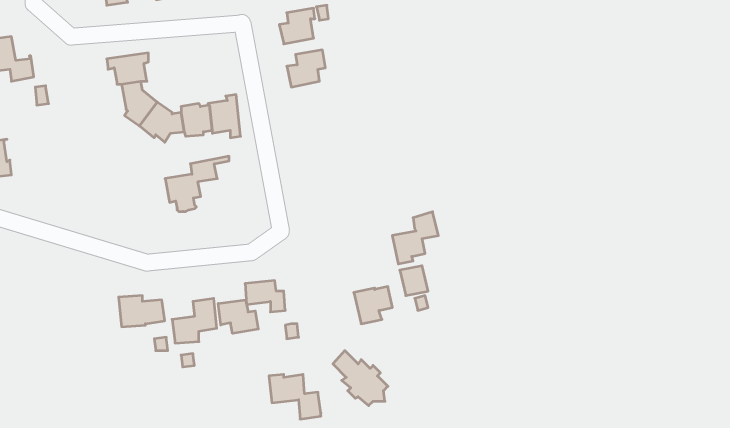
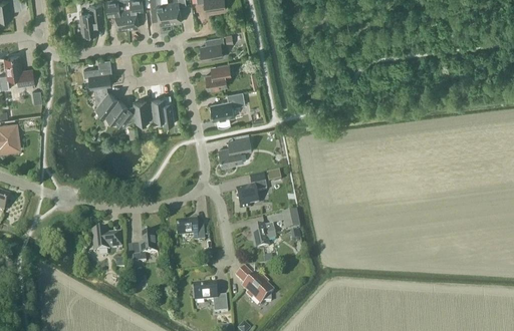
building: [165,156,229,211] -> [210,90,253,127]
building: none -> [219,138,251,170]
building: [392,212,438,264] -> [236,175,267,210]
building: [218,300,258,333] -> none

